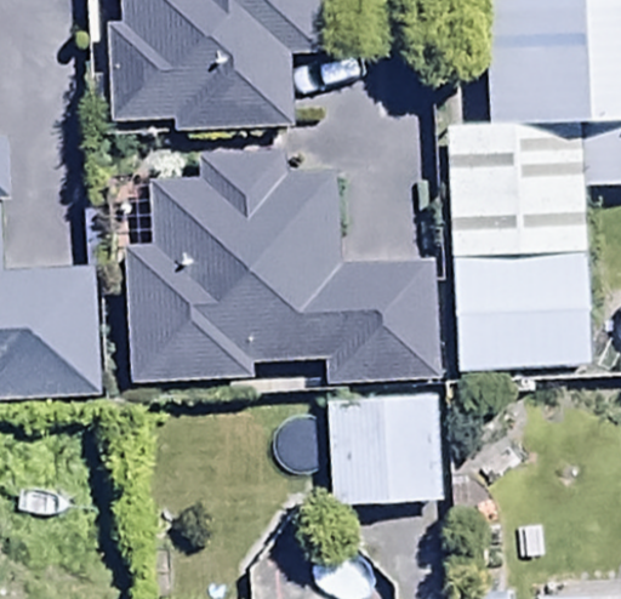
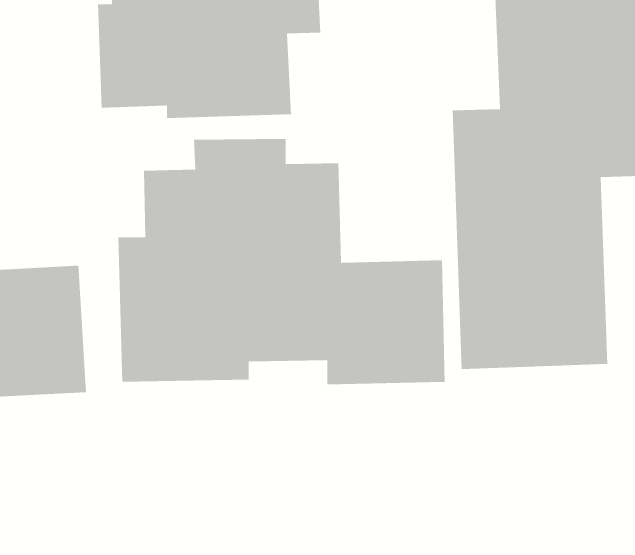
building: [327,395,445,531] -> none

